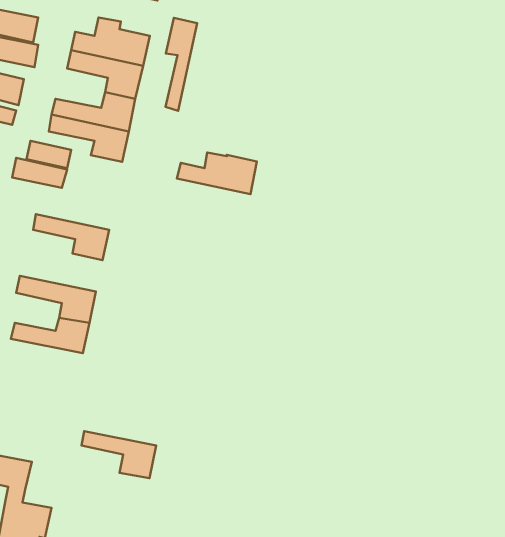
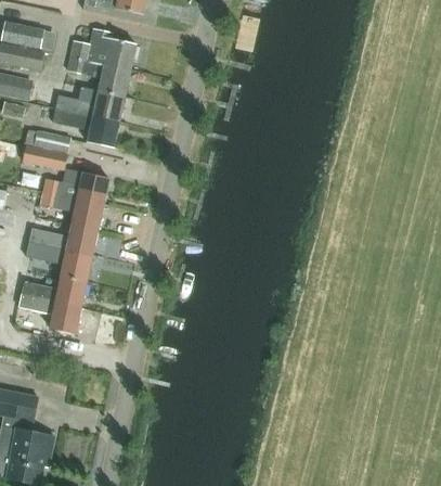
building: [165,18,197,111] -> none
building: [177,152,257,194] -> [41,169,107,204]
building: none -> [28,223,96,255]
building: [81,431,156,478] -> [18,294,80,333]

